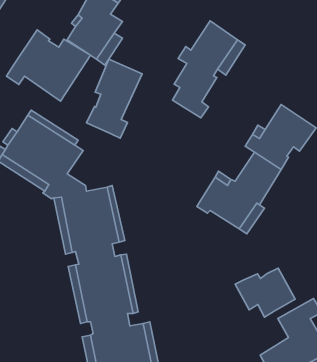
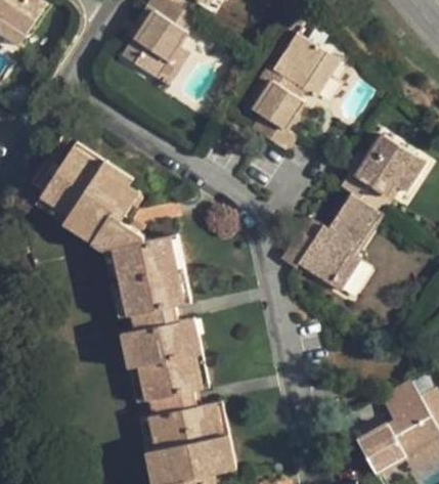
building: [6,30,90,101] -> none
building: [87,59,142,138] -> none
building: [235,268,295,317] -> none

